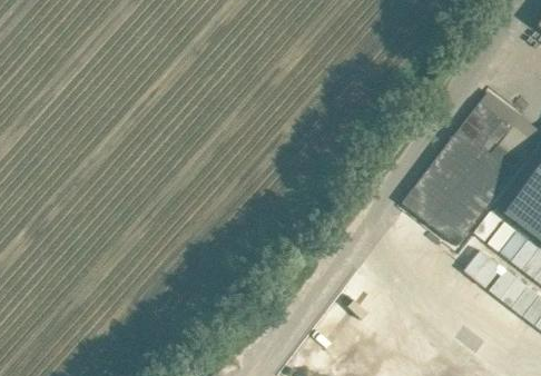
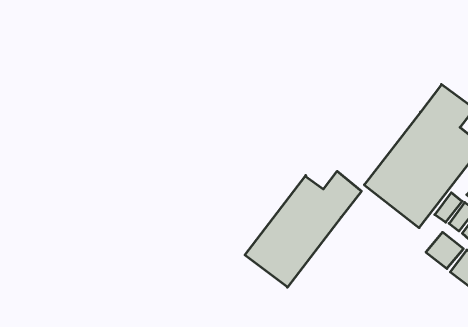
building: none -> [245,171,361,287]

